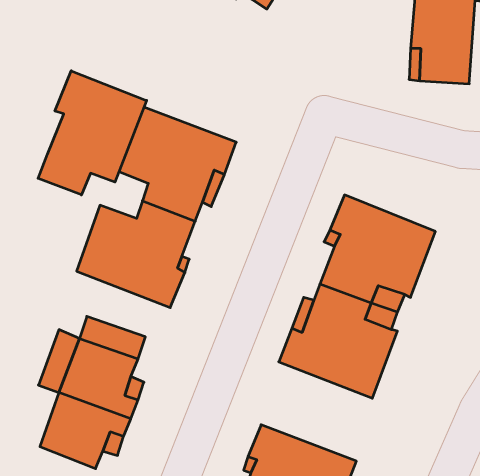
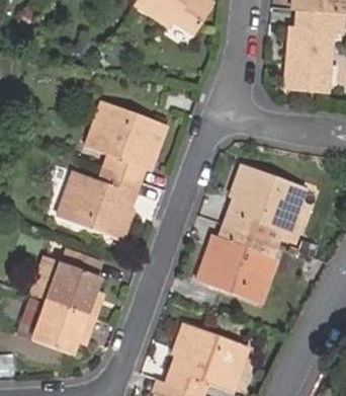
building: [38,71,147,195] -> none

